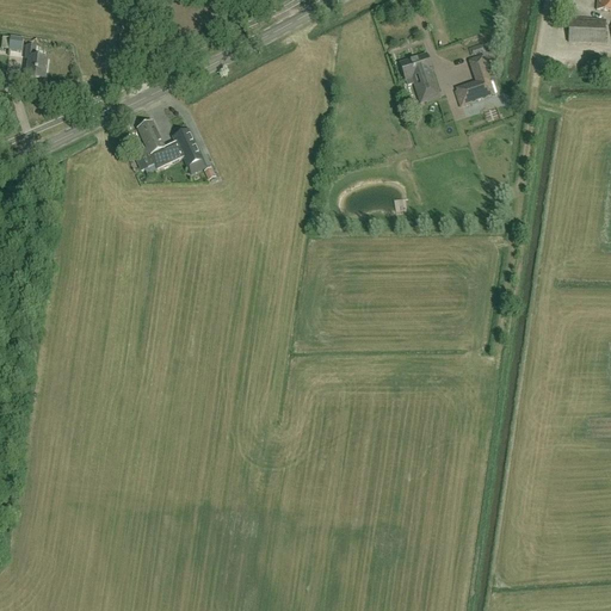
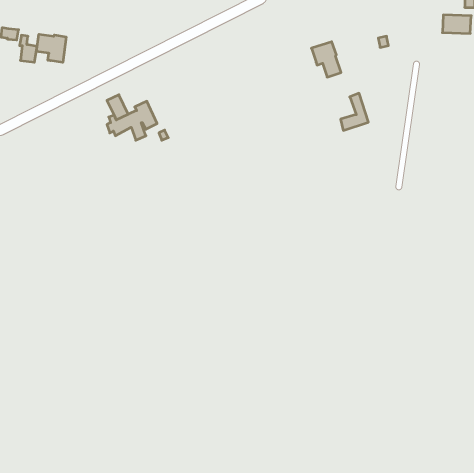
building: none -> [36,34,66,62]
building: [458,54,494,101] -> [341,93,368,130]

